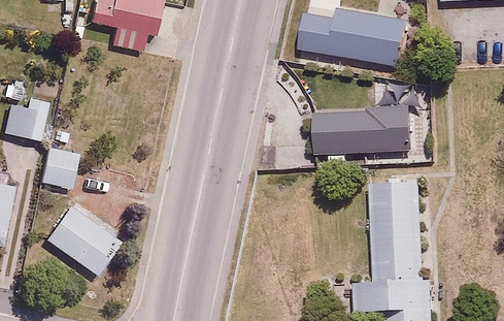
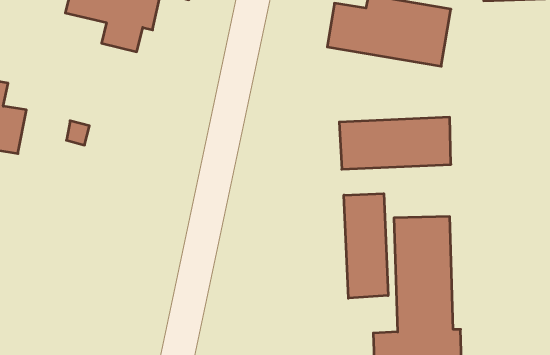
building: [42,146,81,188] -> none
building: none -> [344,194,388,298]
building: [44,205,123,279] -> none

